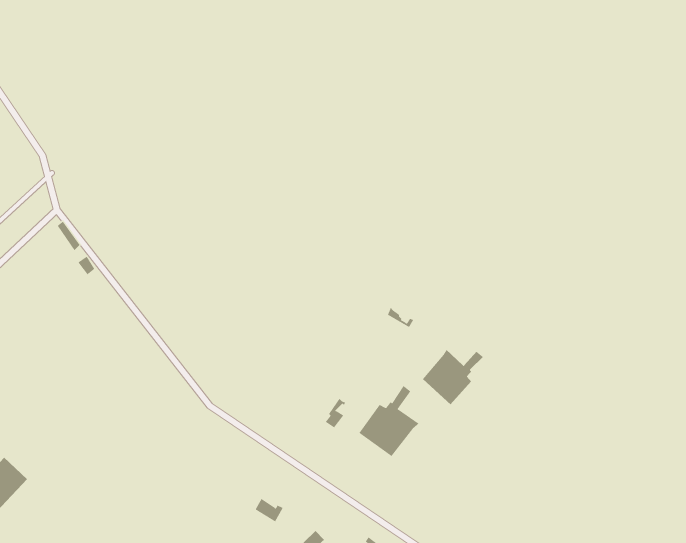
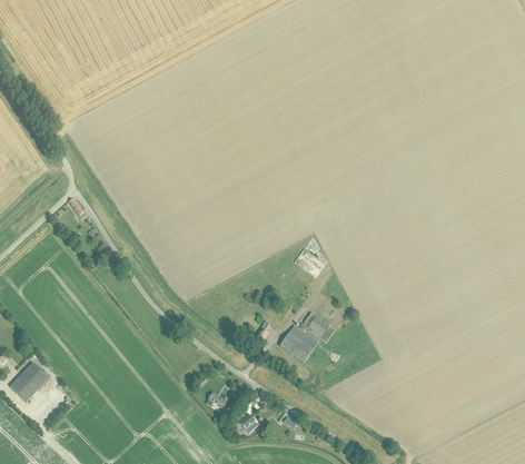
building: [422,349,484,405] -> none

